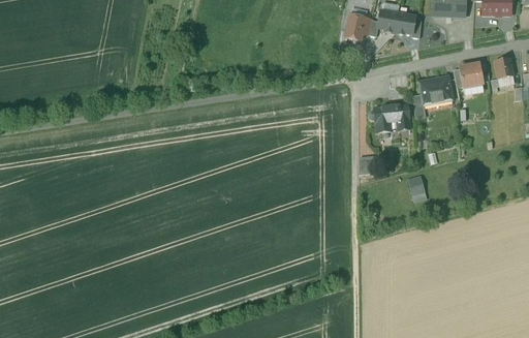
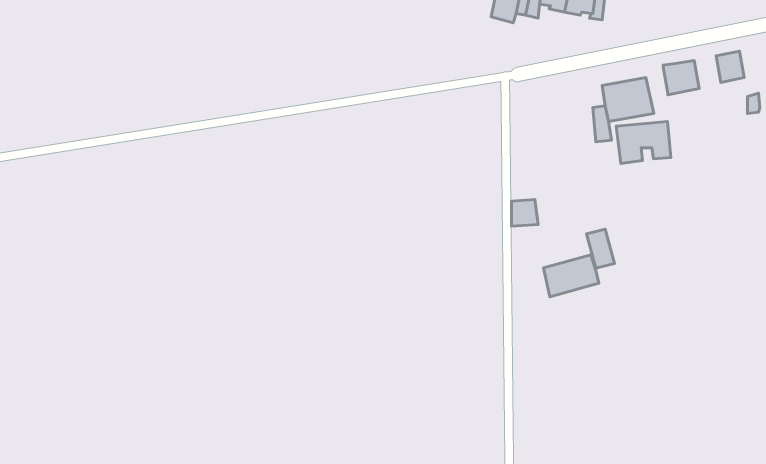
building: [373,104,409,132] -> [616,121,671,164]
building: none -> [543,255,599,297]

